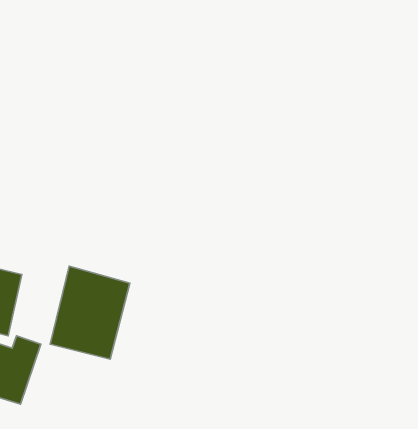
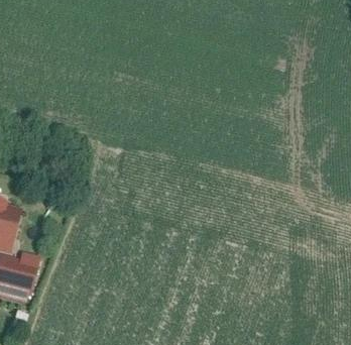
building: [50,266,130,359] -> none

